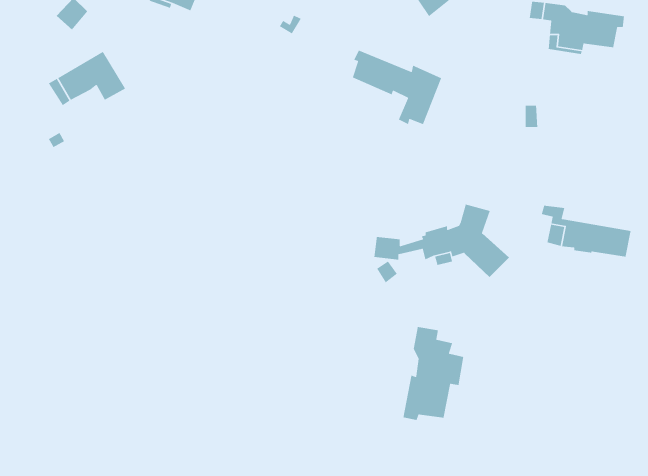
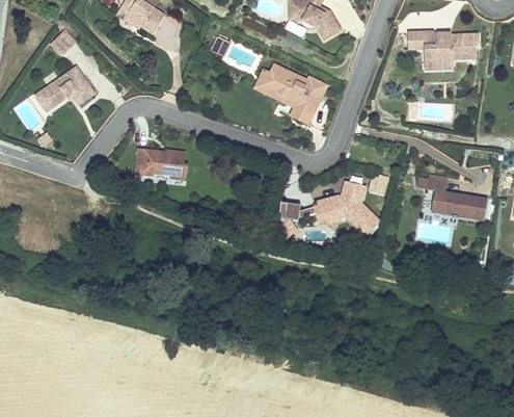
building: none -> [258,67,314,106]
building: none -> [143,149,197,179]
building: [402,326,464,421] -> none

